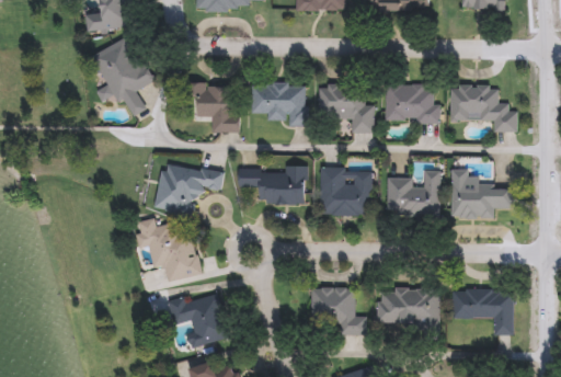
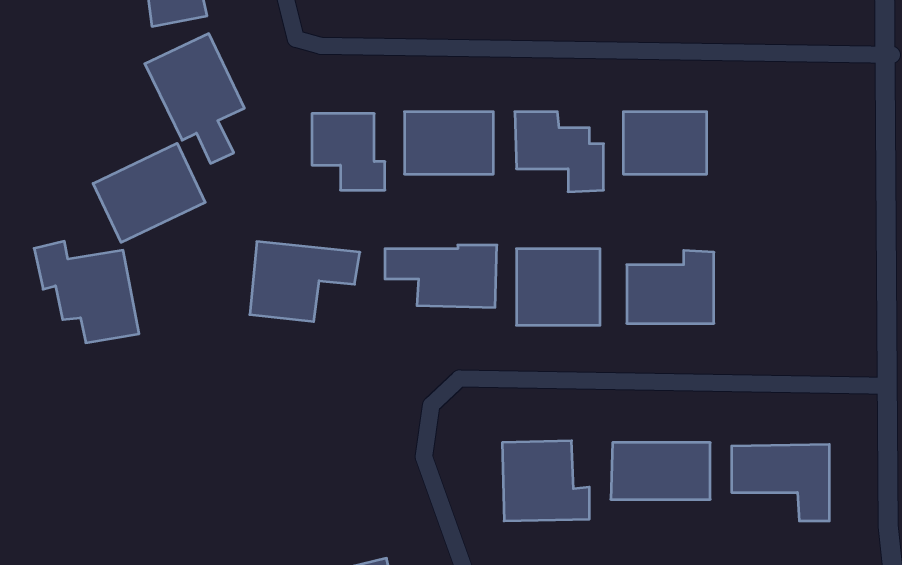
building: [451,83,517,130] -> none
building: none -> [93,143,205,242]
building: [451,169,514,217] -> none
building: [136,217,201,279] -> [34,241,139,343]
building: [167,293,231,346] -> none

